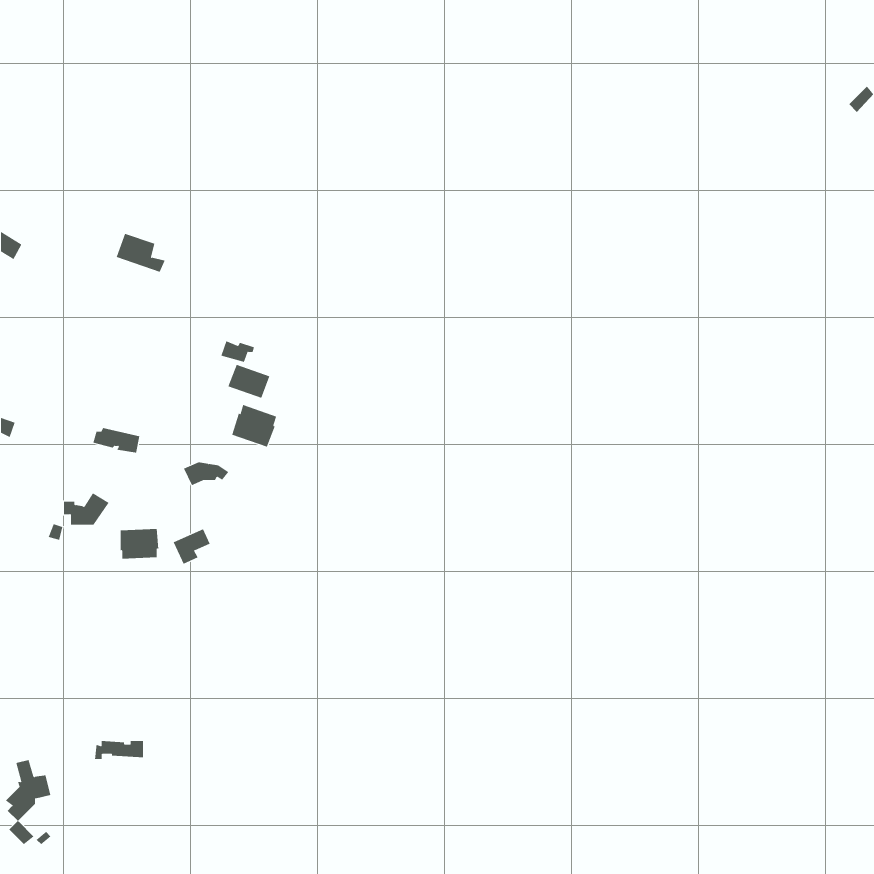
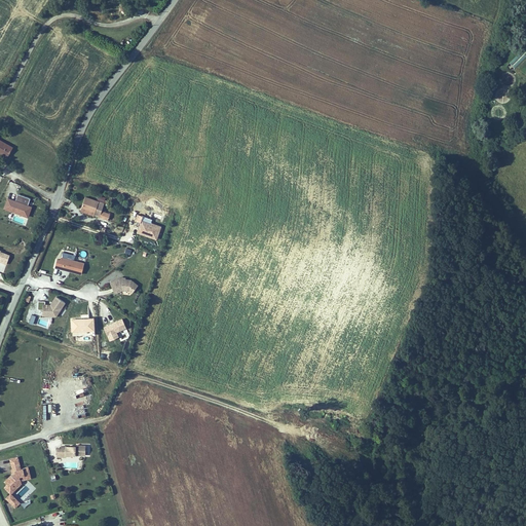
building: [116,233,165,273] -> [81,196,111,220]
building: none -> [4,193,33,217]
building: [232,404,277,448] -> none

